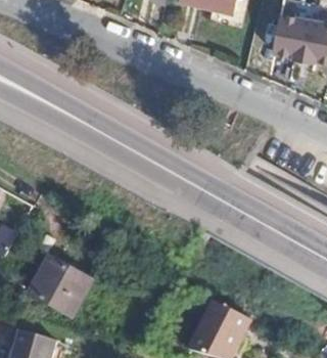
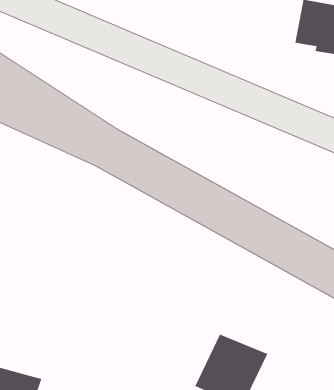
building: [36,258,94,314] -> none

